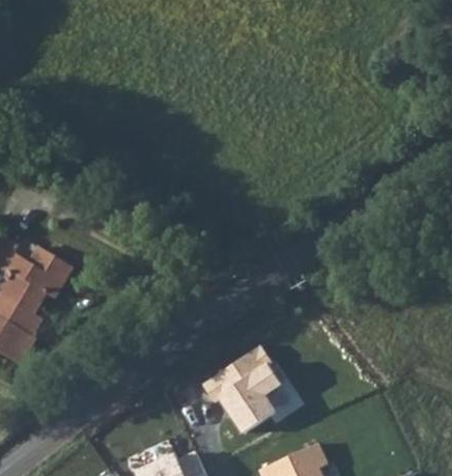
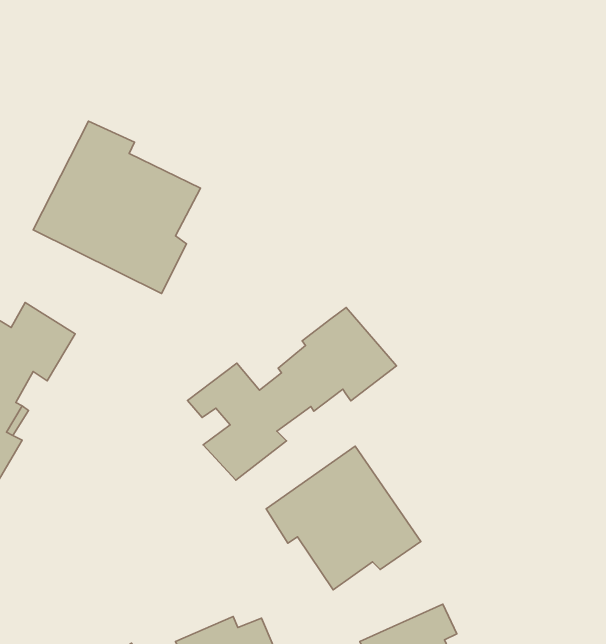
building: none -> [33,121,200,293]
building: none -> [188,307,397,480]

